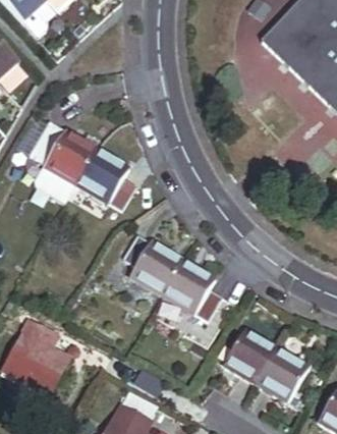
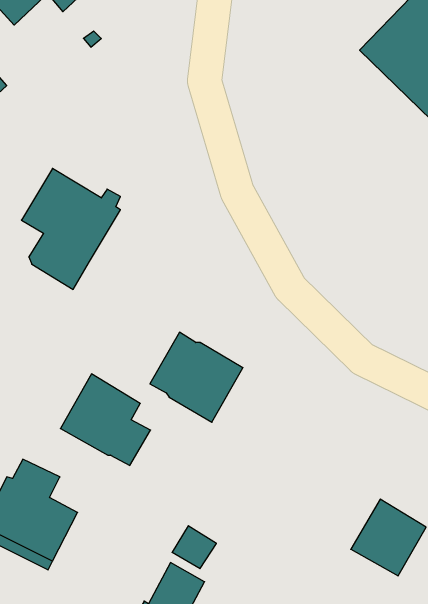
building: [75,147,135,207] -> none
building: [160,256,222,319] -> [60,374,151,465]
building: [224,328,276,381] -> none

